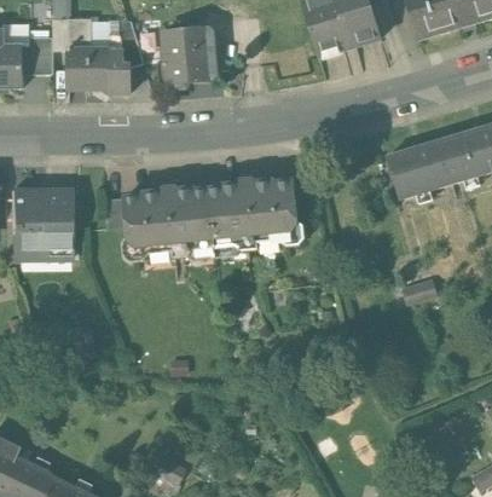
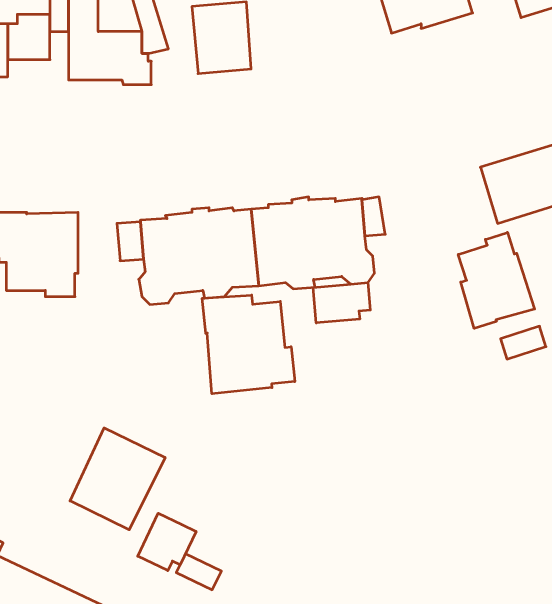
building: none -> [458,232,535,328]
building: none -> [313,283,370,323]
building: none -> [202,295,295,394]
building: none -> [70,428,165,530]
building: none -> [138,513,196,571]

